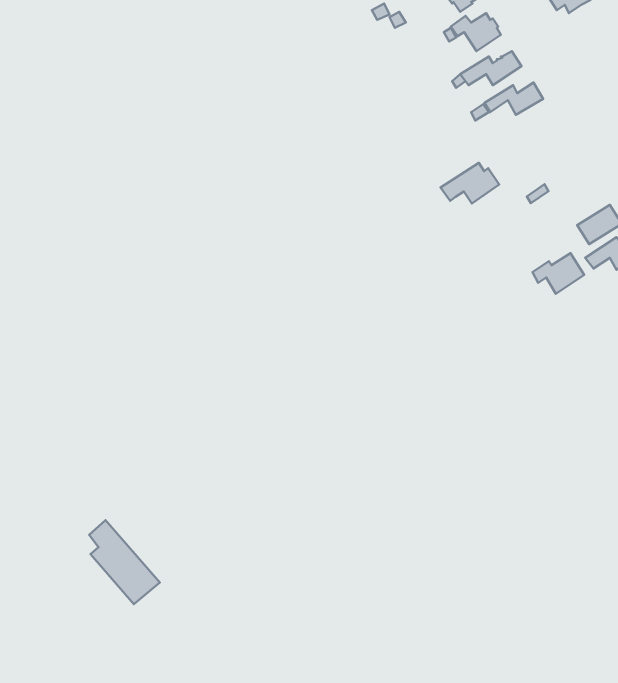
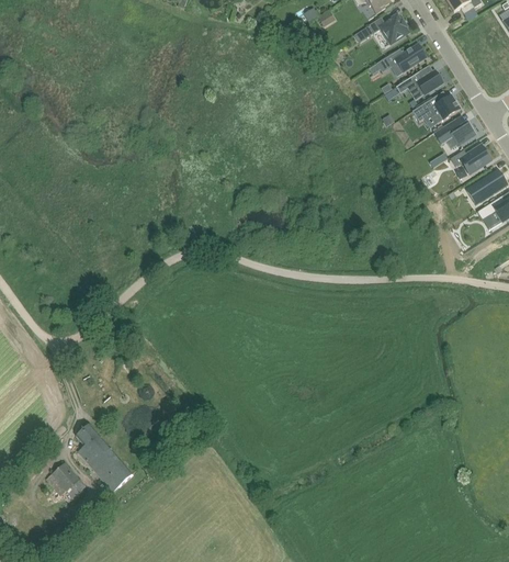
building: none -> [436,116,478,144]
building: [441,163,499,204] -> [411,91,459,124]
building: [533,253,584,294] -> [450,143,491,176]
building: none -> [46,462,86,497]

